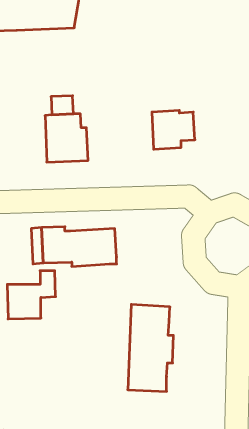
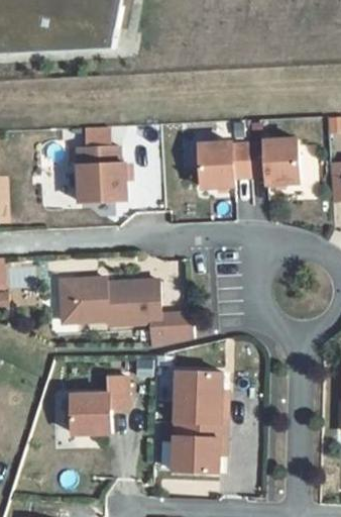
building: none -> [248,139,300,184]
building: none -> [150,312,193,346]
building: [7,271,56,319] -> [72,376,128,432]

